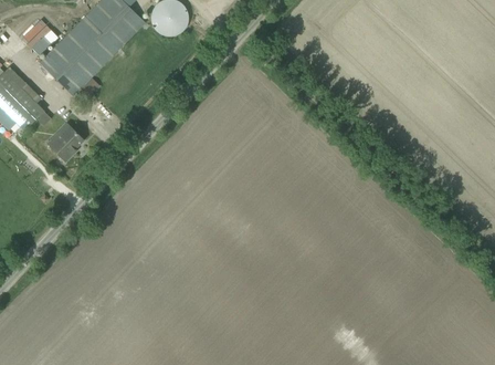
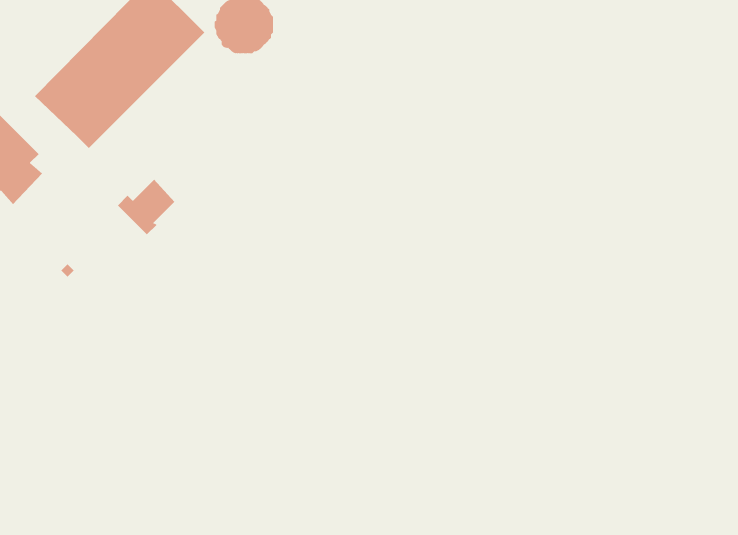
building: [22,18,59,54] -> none
building: [48,126,84,161] -> [117,179,175,235]

